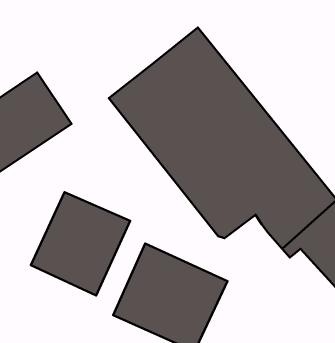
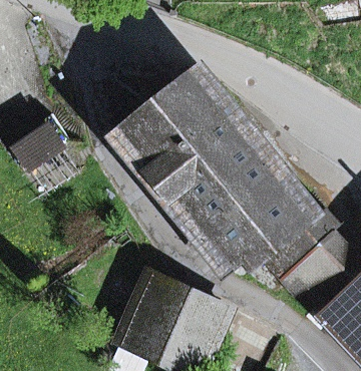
building: [31,192,130,295] -> none

